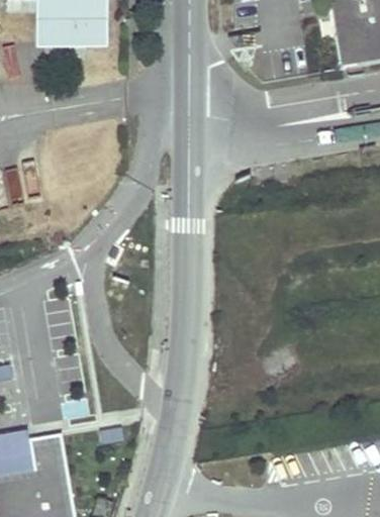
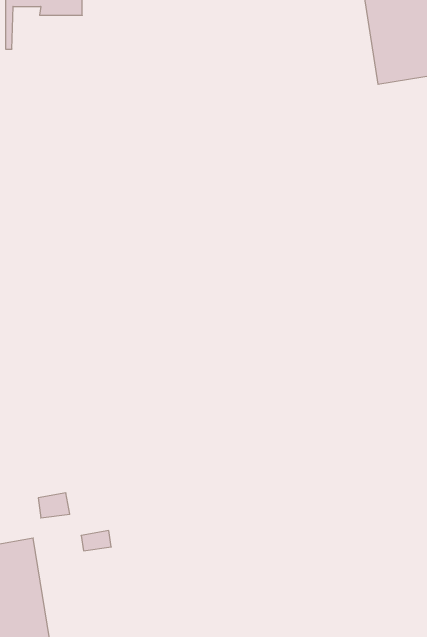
building: [44,7,101,41] -> none

